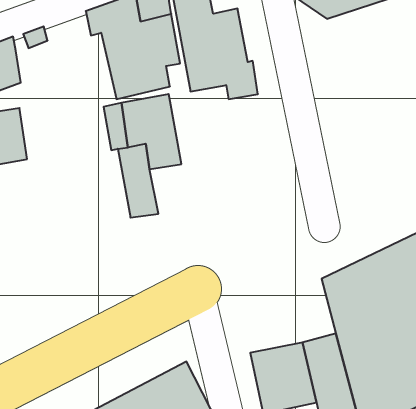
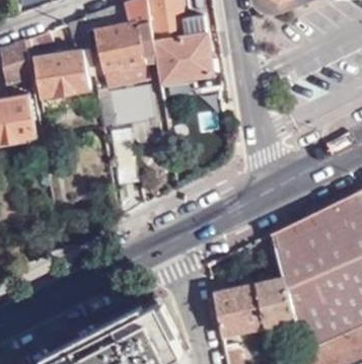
building: none -> [34,19,93,98]

